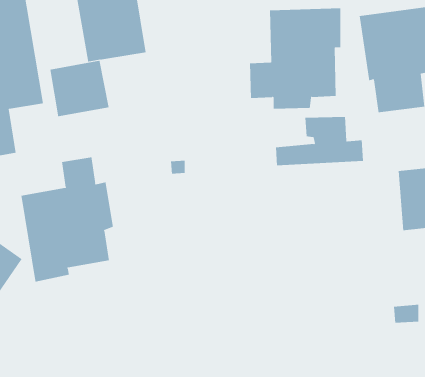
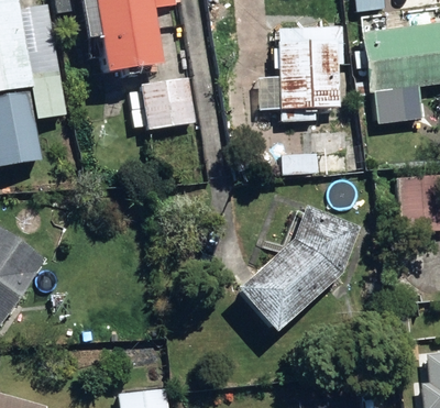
building: [49,60,110,117] -> [141,76,197,129]
building: [21,156,113,282] -> none
building: none -> [238,206,361,333]

